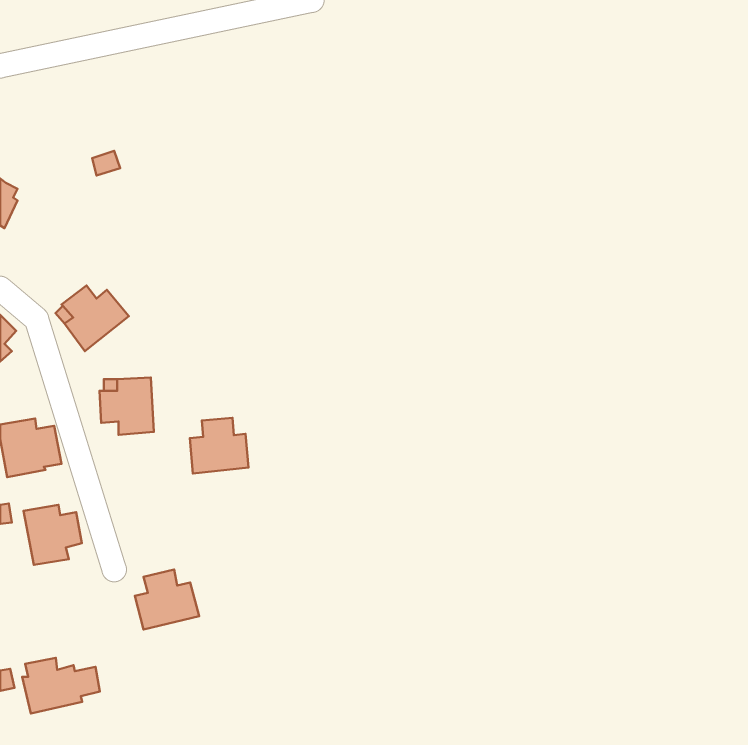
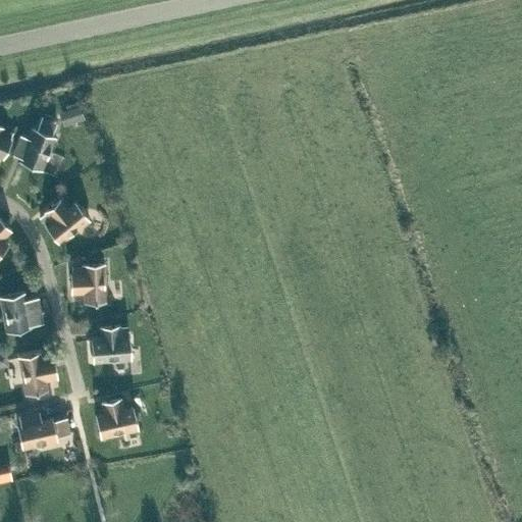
building: none -> [11,117,57,172]
building: [190,418,249,473] -> [90,326,130,365]
building: [22,658,100,714] -> [15,413,69,452]

